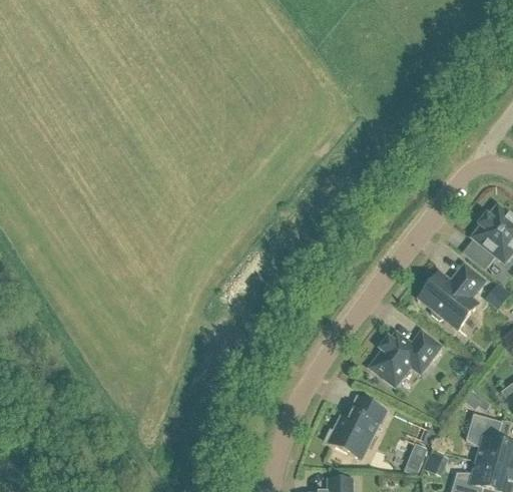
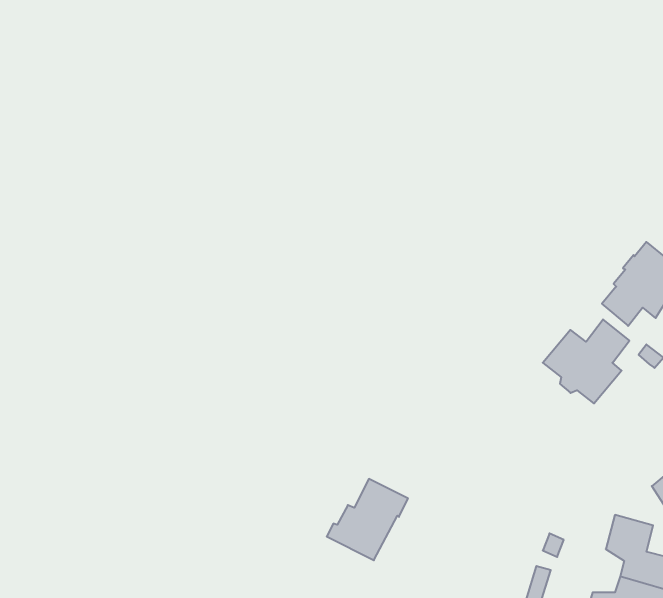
building: [369,331,441,386] -> none
building: [325,396,387,458] -> [327,479,408,560]

